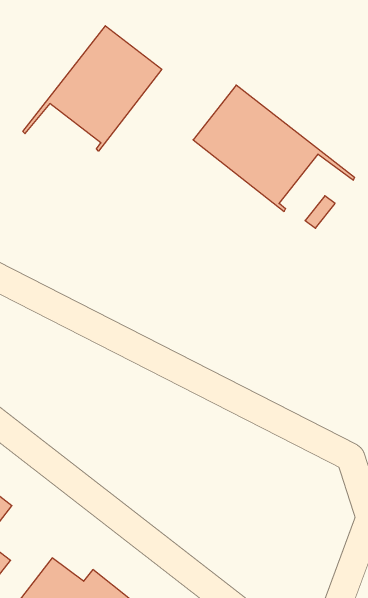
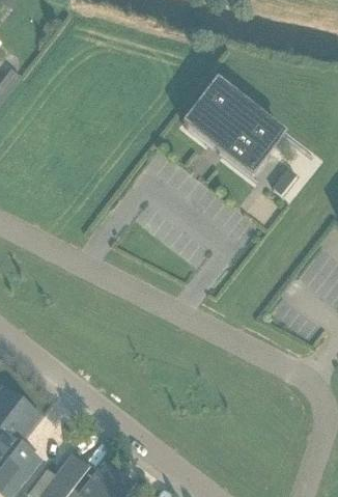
building: [23,26,162,151] -> none

